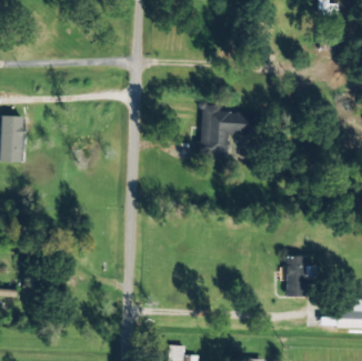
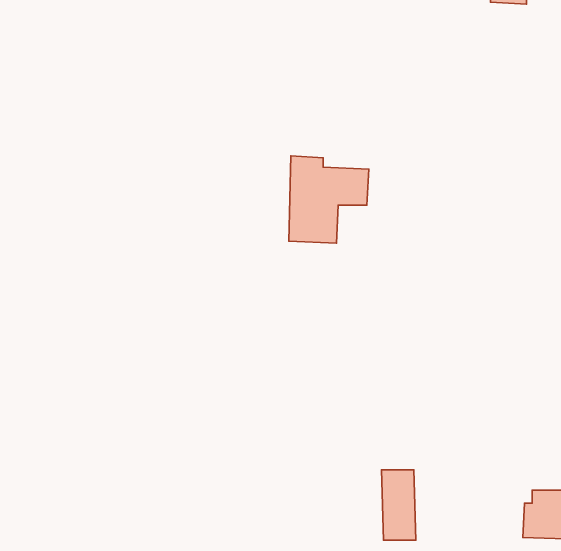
building: [285,255,305,297] -> [382,470,416,540]

